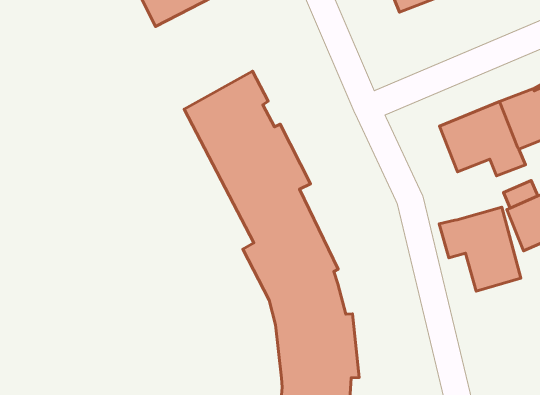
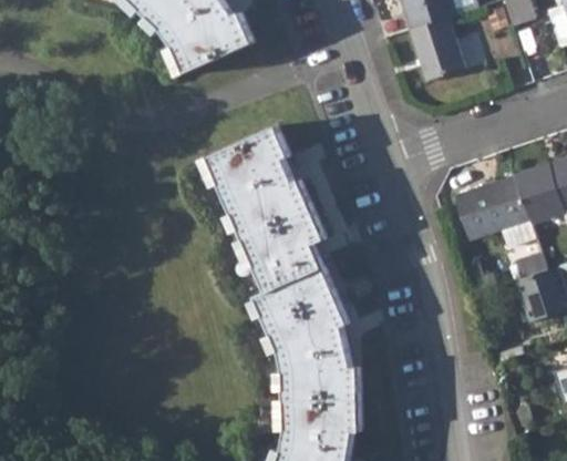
building: [439,207,521,291] -> none

